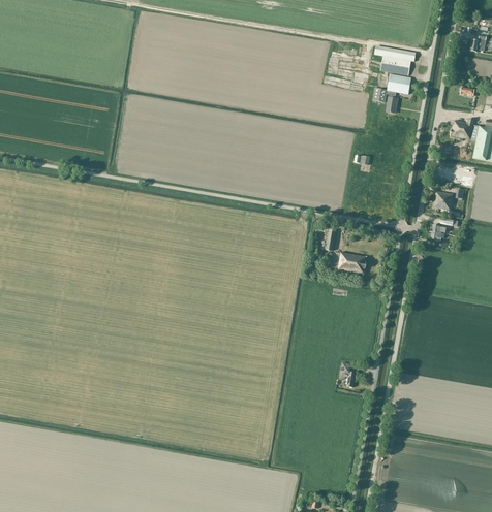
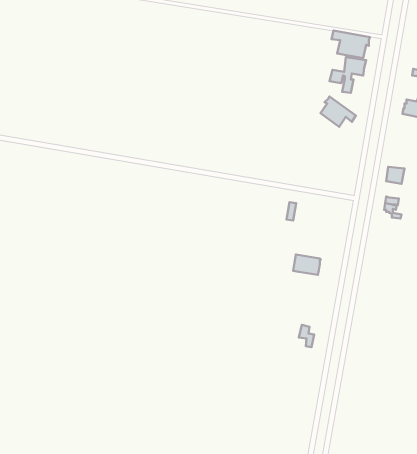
building: none -> [320,96,356,127]
building: [337,252,367,274] -> [293,255,321,275]

